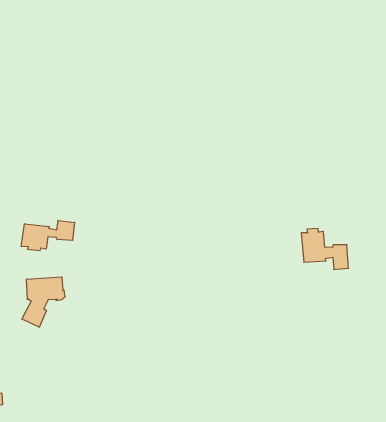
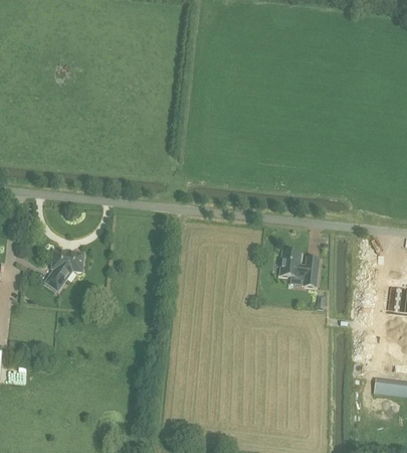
building: [21,220,74,251] -> none

